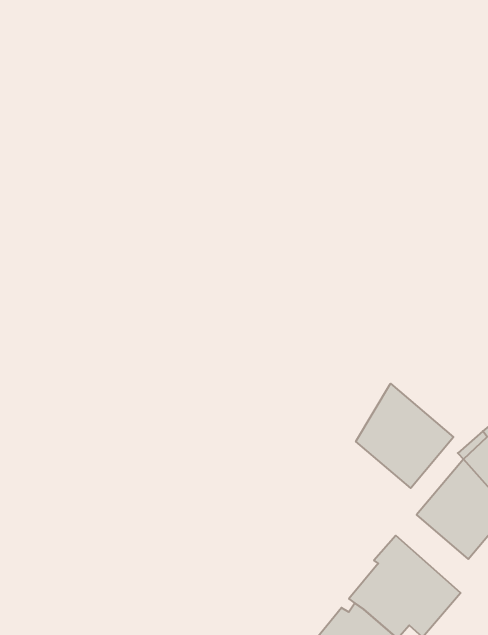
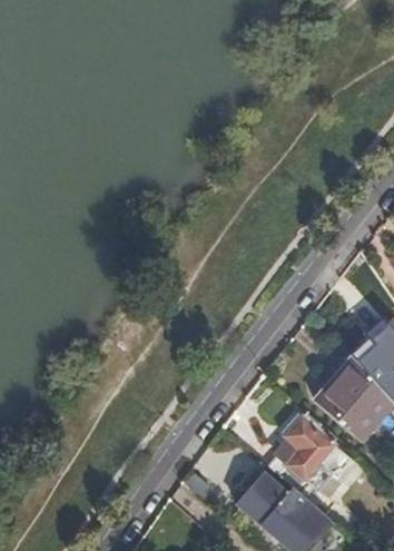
building: [356,384,453,488] -> none

